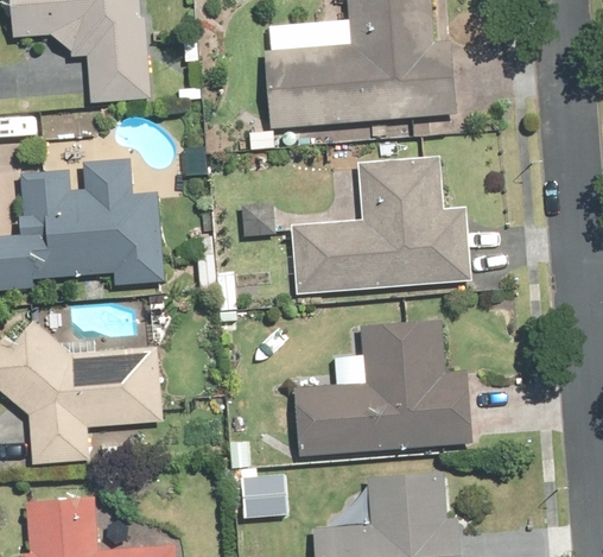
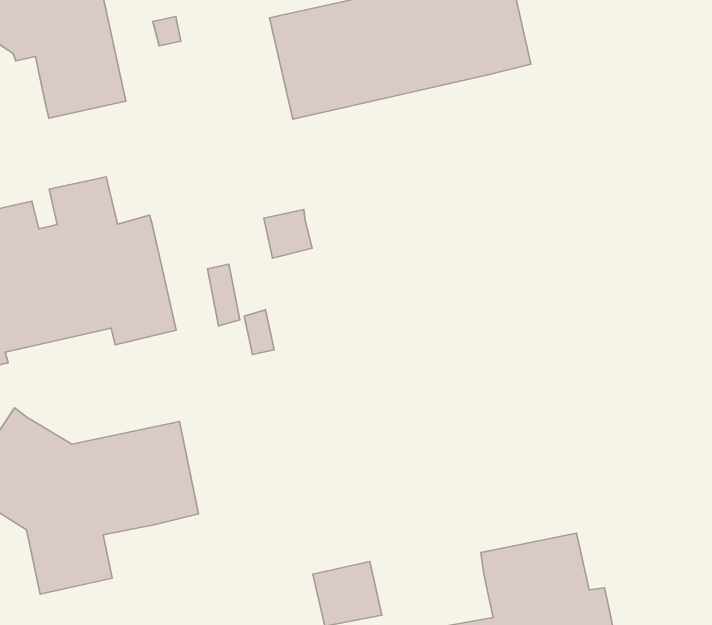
building: [290,154,471,293] -> none
building: [296,319,471,452] -> none

